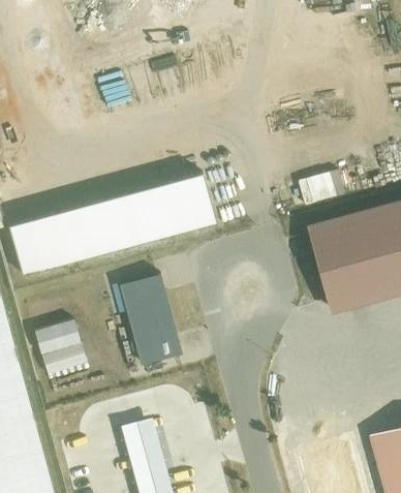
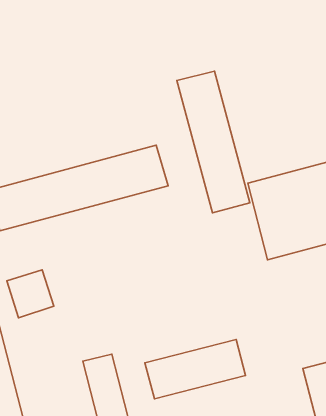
building: none -> [177,71,250,213]
building: [118,275,182,365] -> none
building: none -> [145,339,245,399]

